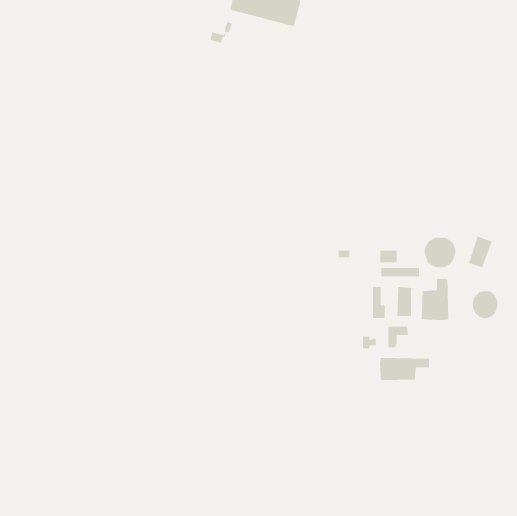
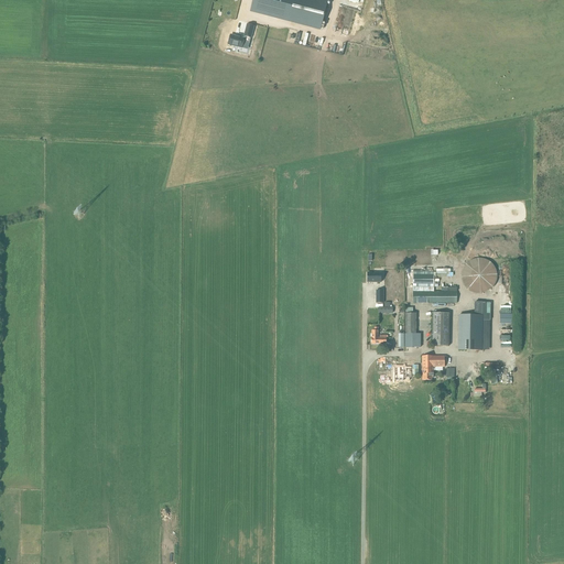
building: [468,236,493,268] -> none
building: [472,290,498,319] -> none
building: [379,357,430,381] -> none

